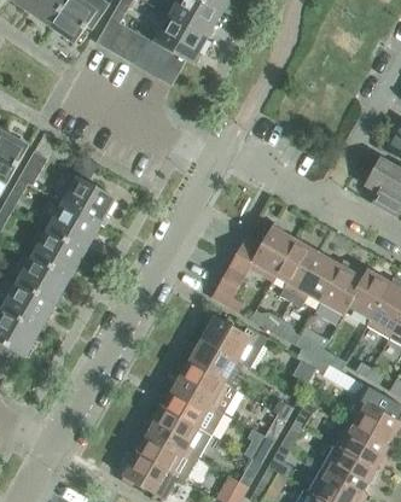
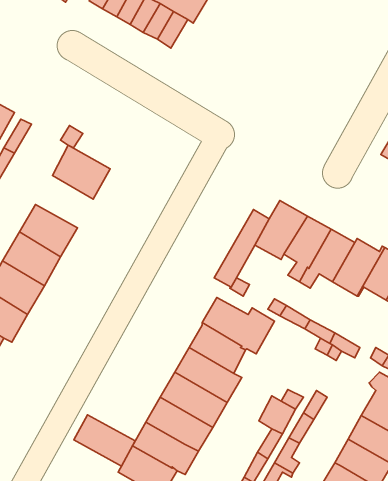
building: [47,203,100,251] -> none
building: none -> [74,415,135,466]

